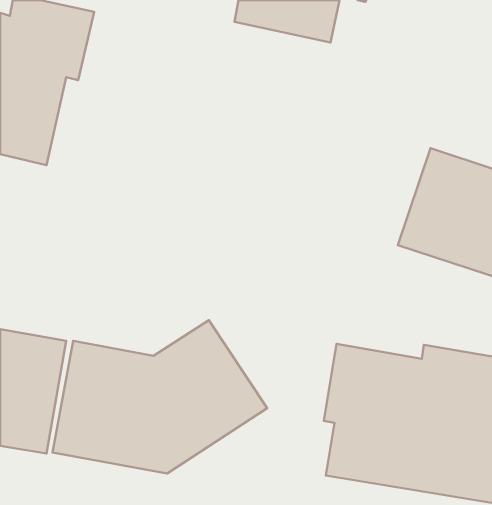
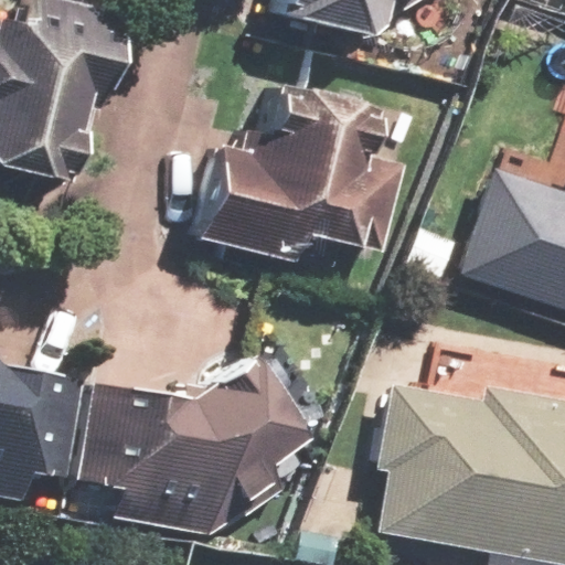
building: none -> [195,84,402,257]

